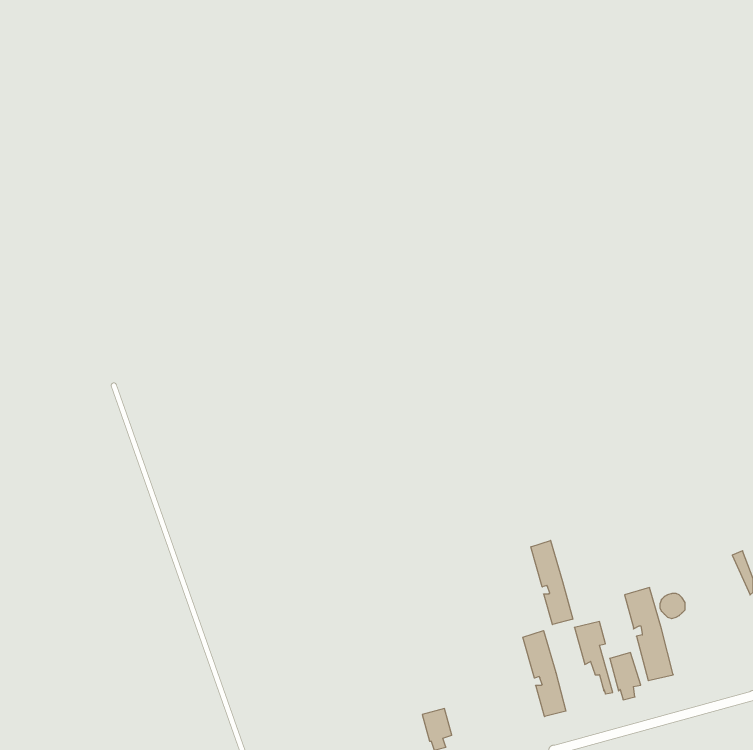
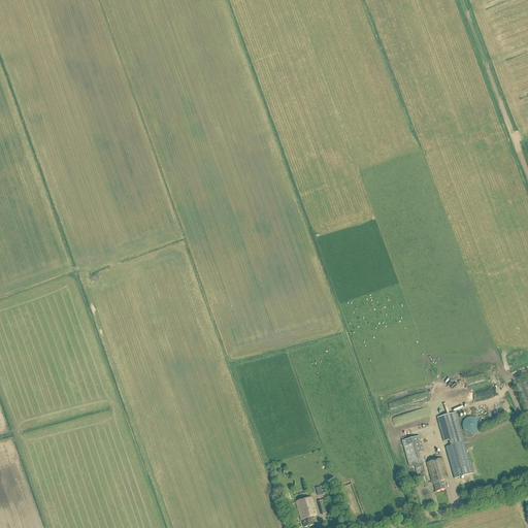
building: [531,540,573,625] -> none
building: [523,631,566,717] -> none

